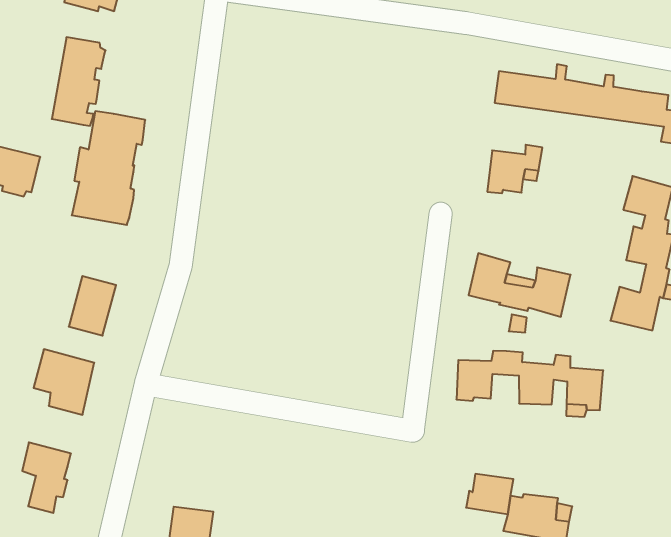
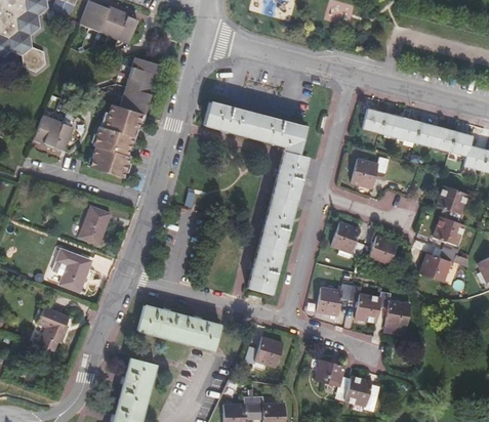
building: [52,37,106,126] -> [122,56,161,114]
building: none -> [203,101,307,294]
building: none -> [137,305,221,350]
building: none -> [245,336,282,367]

